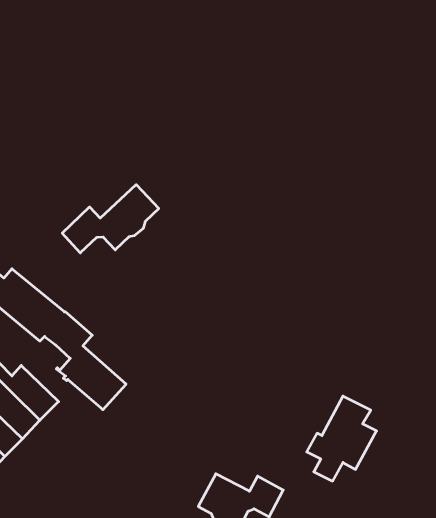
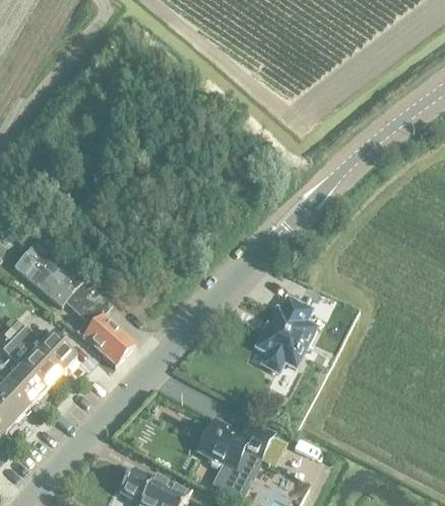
building: [62,185,159,253] -> none
building: [307,396,377,481] -> [255,297,316,371]

